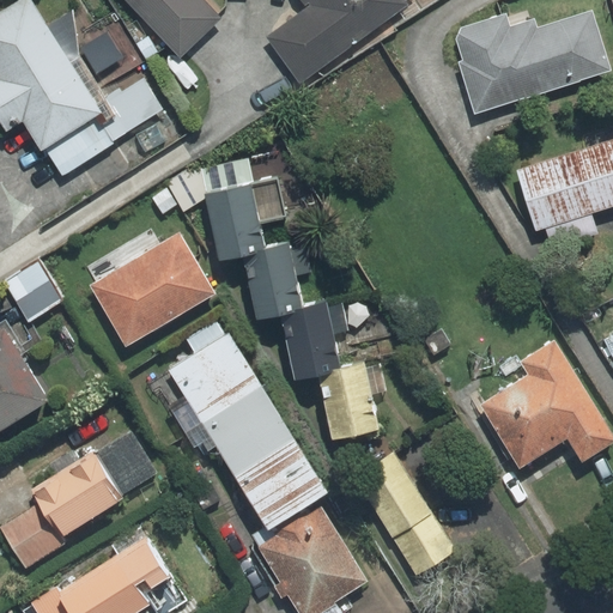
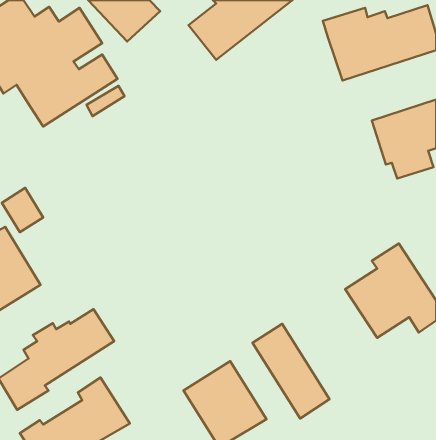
building: [204,183,386,441] -> none
building: [89,231,217,347] -> none
building: [166,333,332,528] -> none

